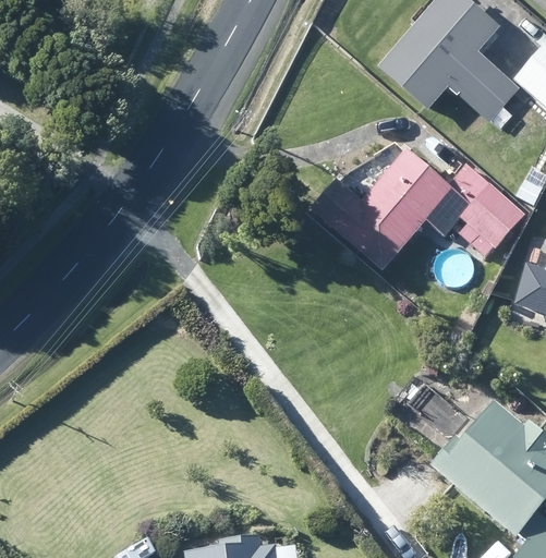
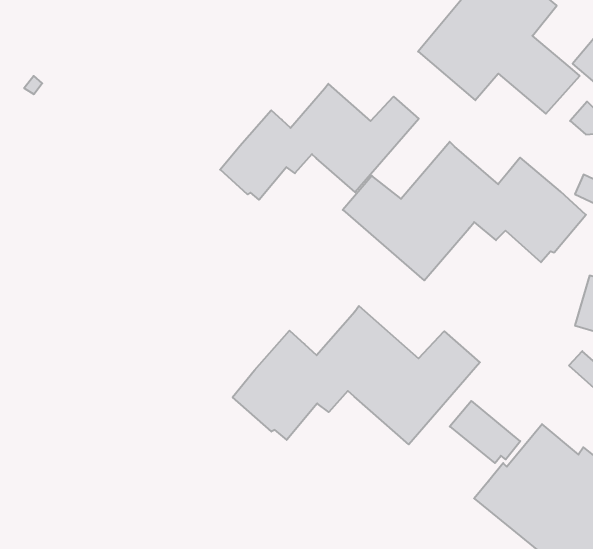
building: none -> [220,84,419,200]
building: none -> [233,306,480,444]

